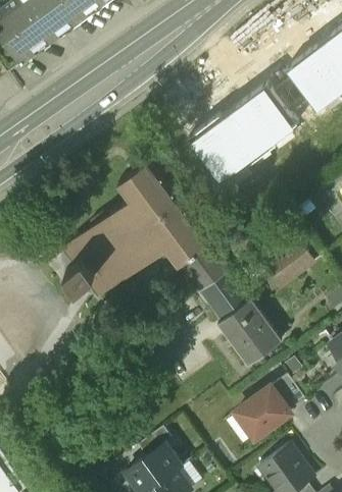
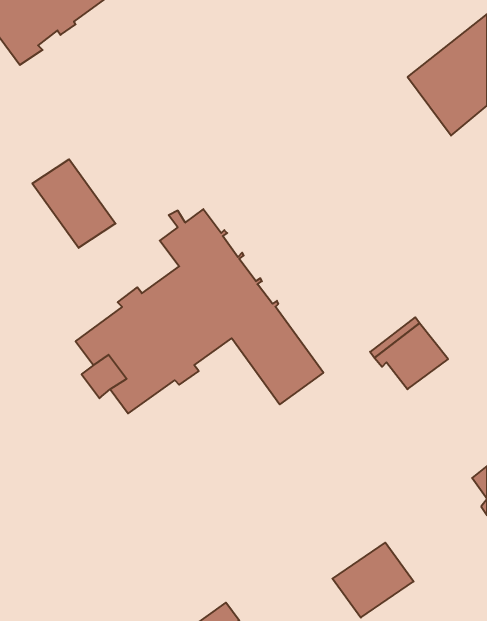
building: [188,86,299,184] -> none
building: none -> [32,159,116,248]
building: [200,273,282,368] -> none

